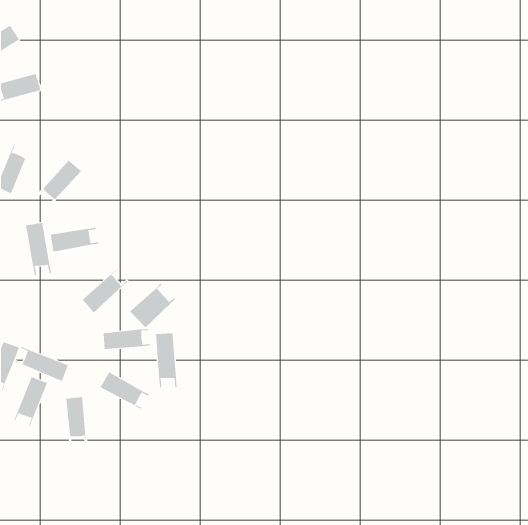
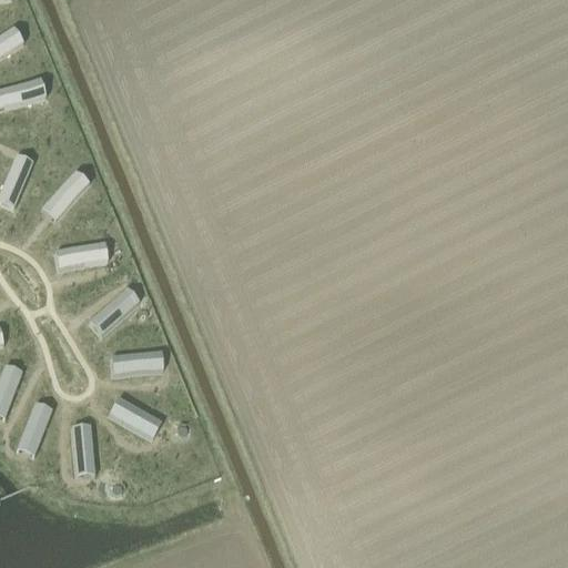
building: [26,222,51,276] -> none
building: [129,283,176,328] -> none
building: [155,333,177,388] -> none
building: [14,346,68,382] -> none

